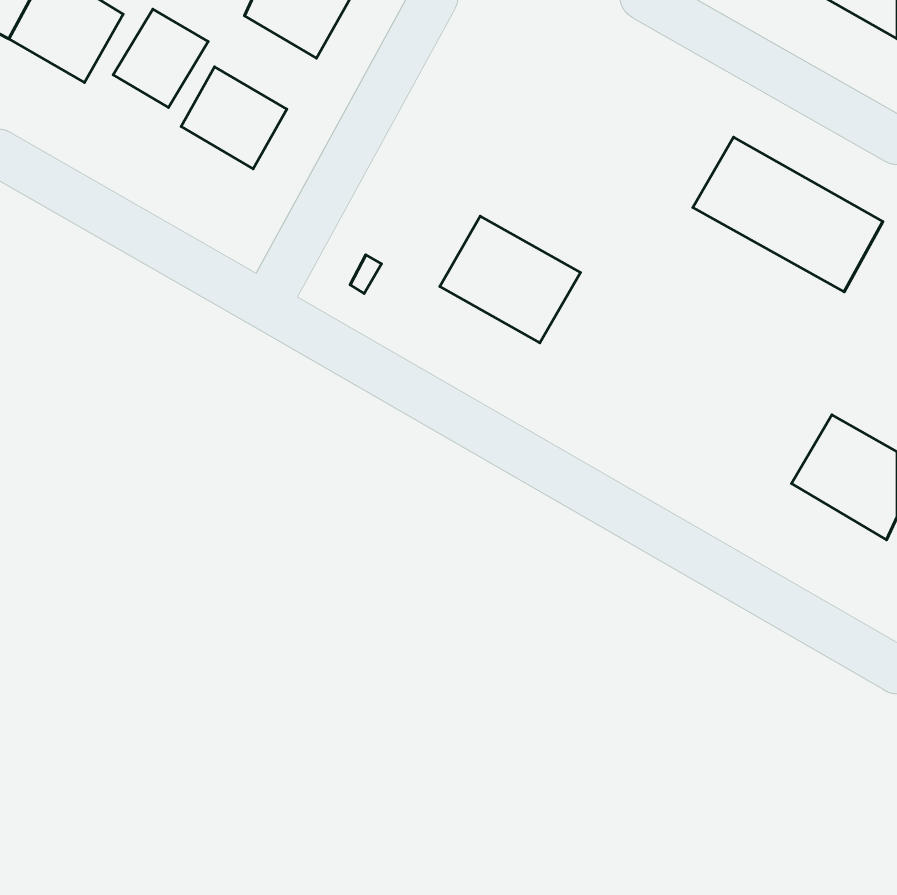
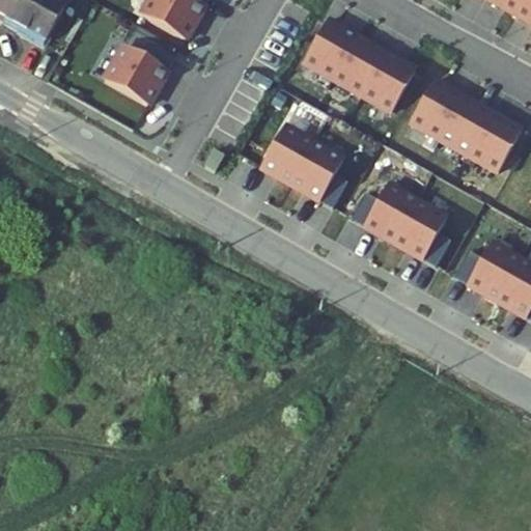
building: [113,9,208,107] -> none
building: none -> [303,21,415,112]
building: none -> [364,186,444,259]

